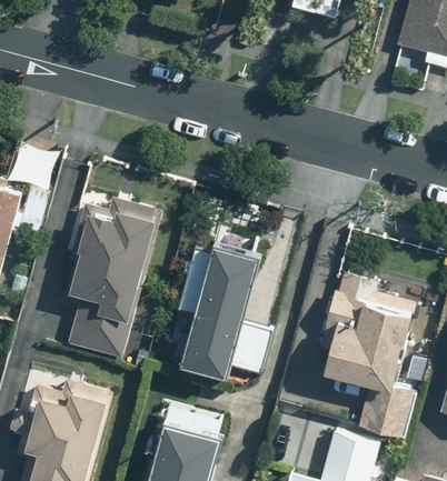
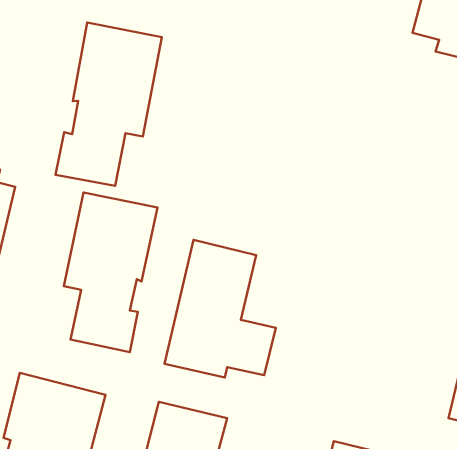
building: none -> [56,23,162,186]
building: [318,269,414,439] -> none

